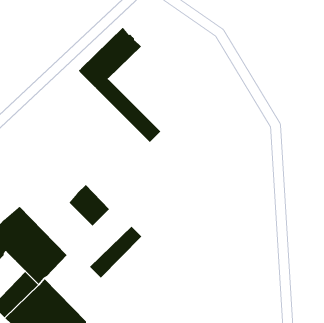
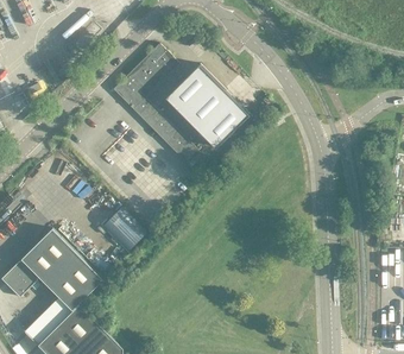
building: none -> [164,63,248,147]
building: [89,226,142,279] -> none

